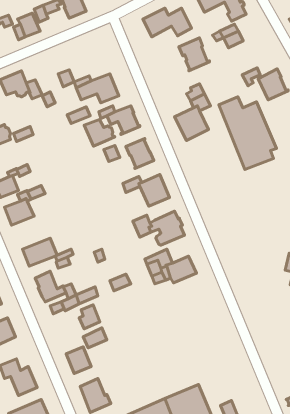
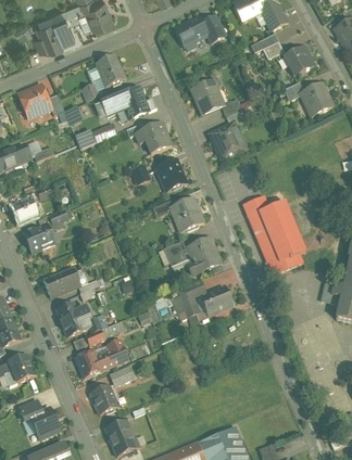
building: none -> [284,44,314,75]
building: [179,38,210,71] -> [190,78,224,114]
building: none -> [96,54,125,86]
building: [219,97,277,170] -> [242,194,305,273]
building: [84,119,115,146] -> none
building: none -> [75,349,110,376]

